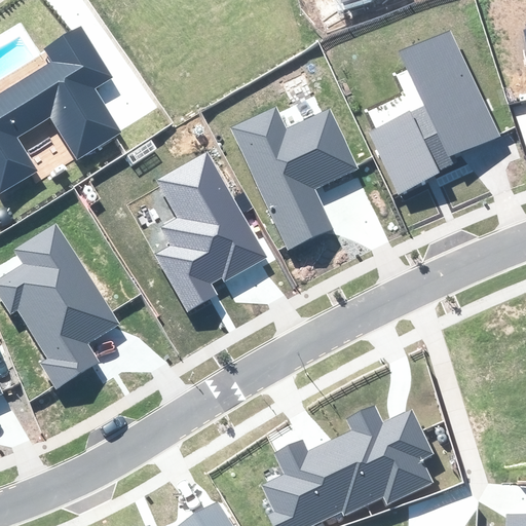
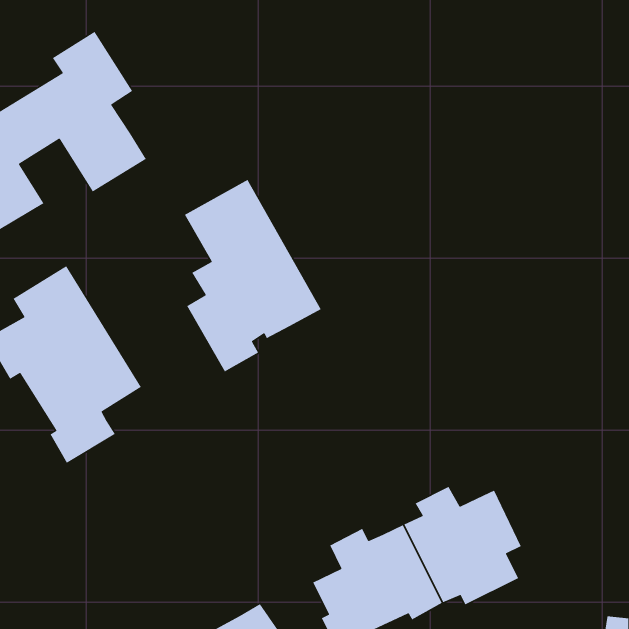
building: [368,31,500,196] -> none
building: [229,106,356,251] -> none

